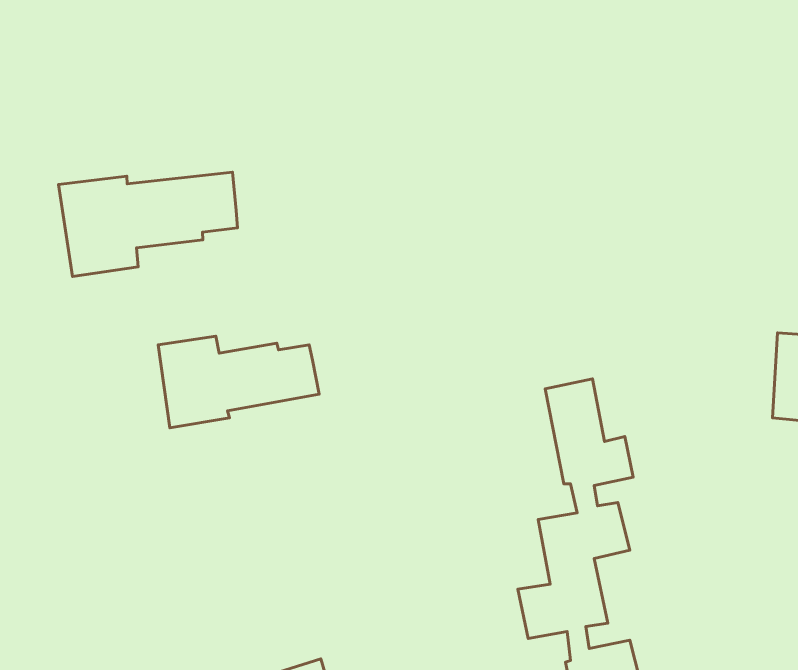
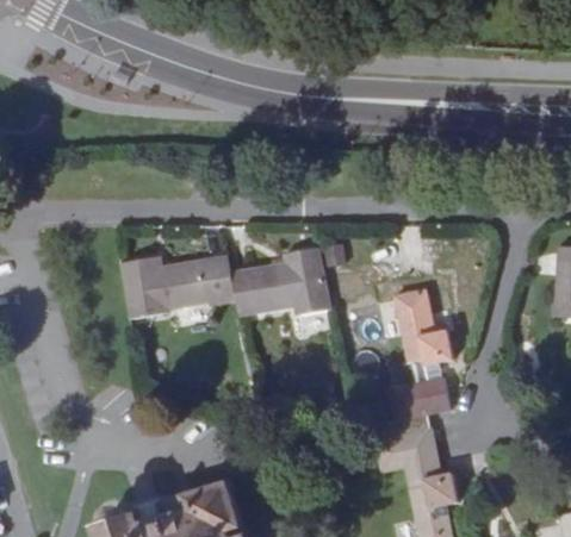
building: [58,172,237,277] -> none
building: none -> [229,250,335,320]

